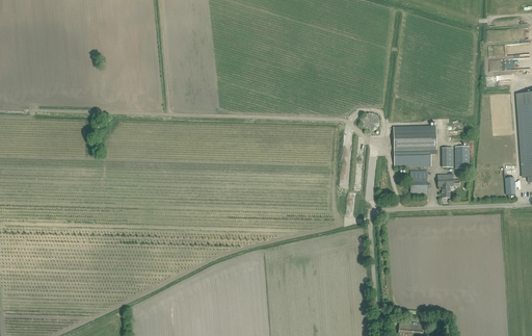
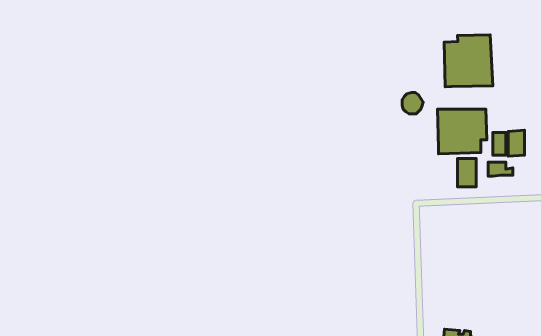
building: none -> [444,35,493,87]

